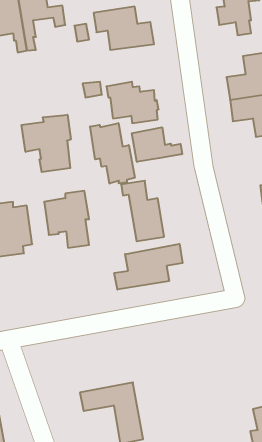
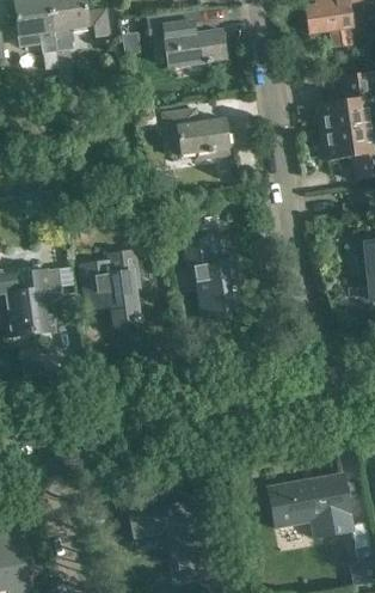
building: [22,115,71,172] -> none
building: [90,123,135,184] -> none
building: [132,127,182,162] -> none
building: [114,244,183,290] -> none
building: none -> [268,473,354,537]

